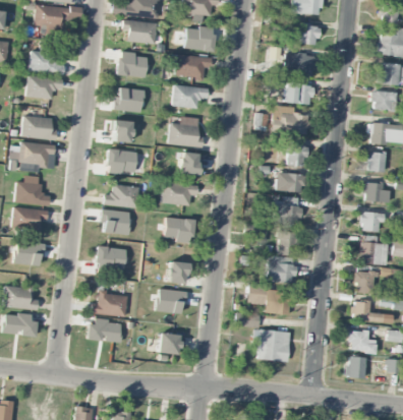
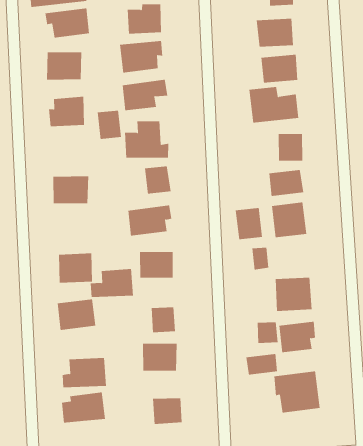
building: [112,120,130,142] -> [97,110,122,139]
building: [103,185,138,208] -> [90,268,134,297]
building: [277,232,297,256] -> [235,207,263,240]

